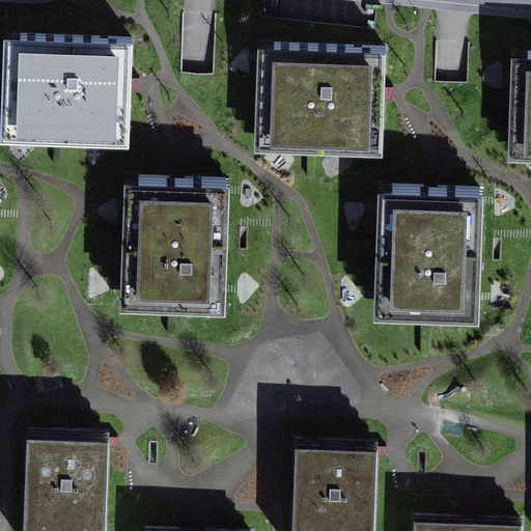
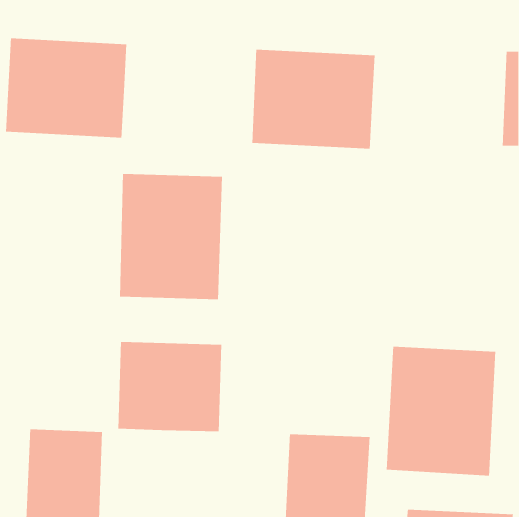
building: [374,191,479,314] -> none
building: none -> [117,341,222,432]
building: none -> [386,346,496,477]

